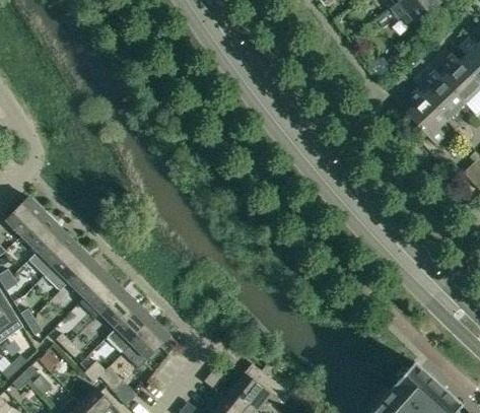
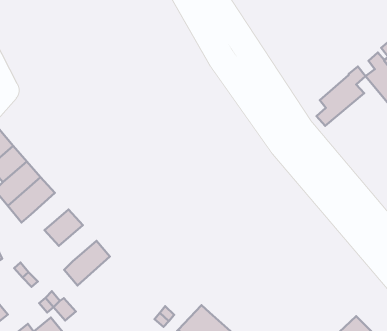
building: none -> [316,67,366,126]
building: [68,258,107,297] -> none
building: [99,289,138,328] -> none
building: [122,320,169,368] -> none

